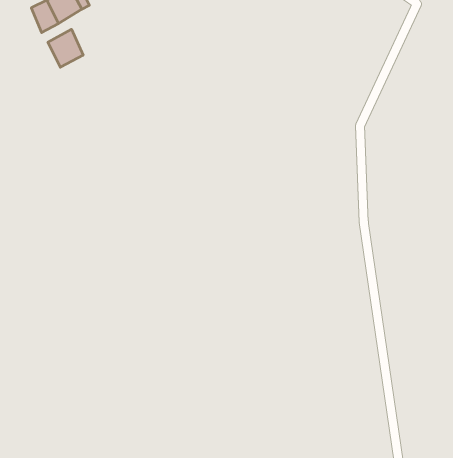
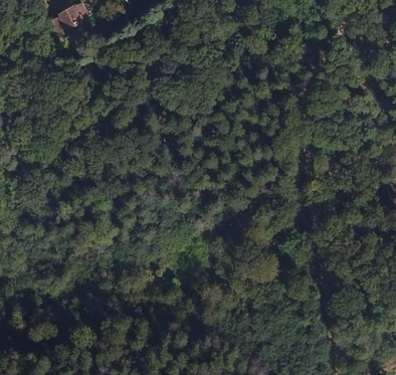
building: [48,29,83,67] -> none

